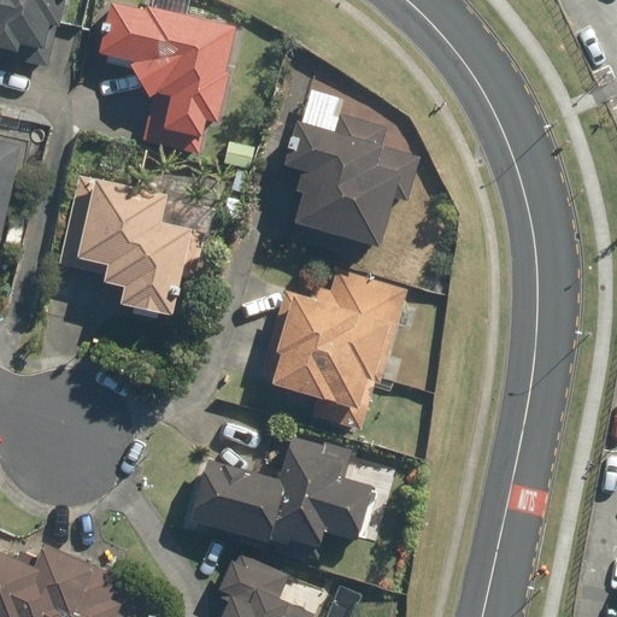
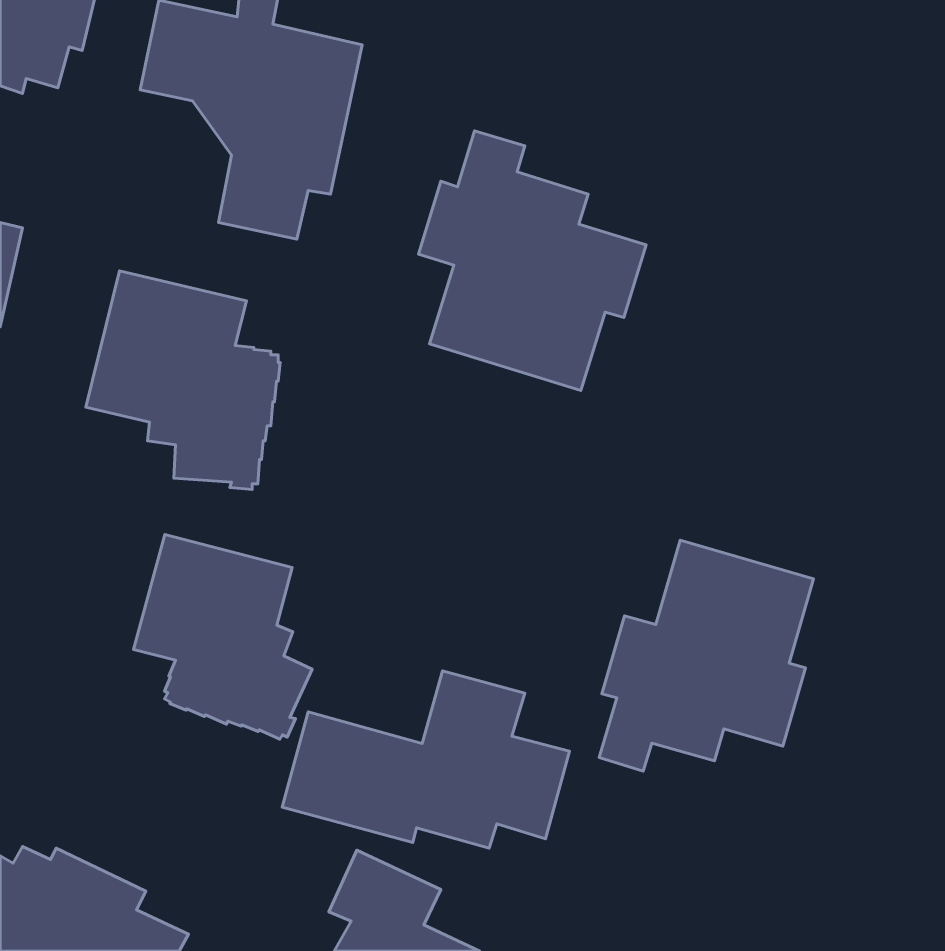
building: [259,265,409,430] -> none
building: none -> [134,534,312,739]
building: none -> [599,540,813,771]

